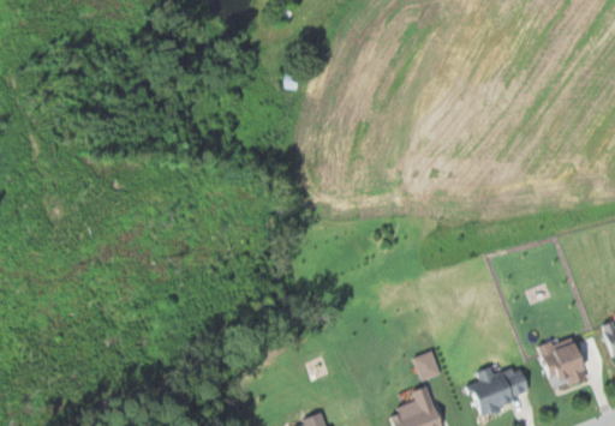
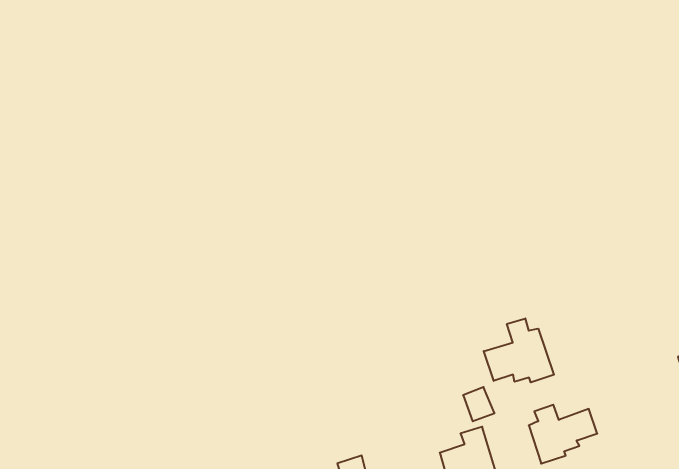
building: none -> [484,318,554,382]
building: [539,335,591,386] -> none

